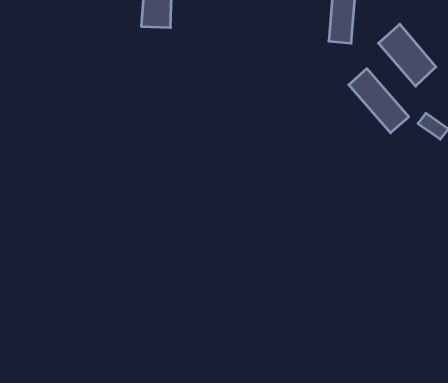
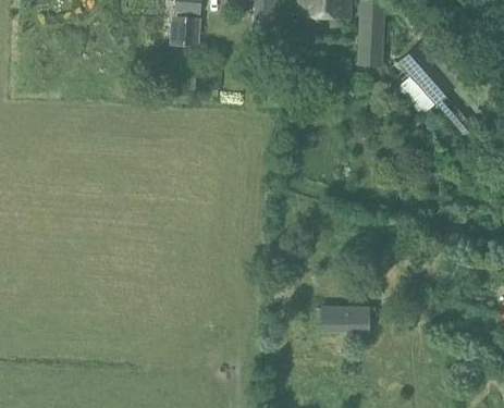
building: [349,69,409,133] -> none
building: none -> [323,308,381,330]

